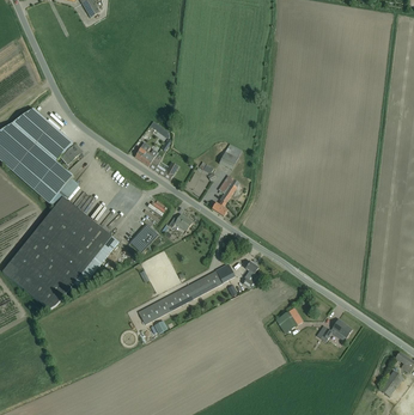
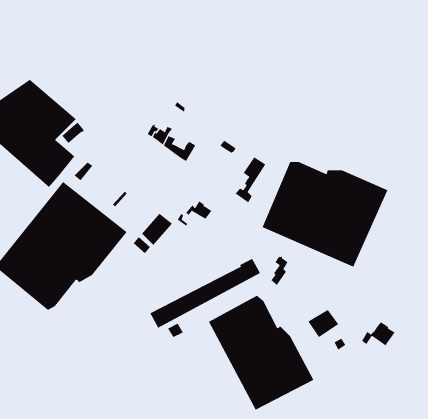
building: none -> [262,161,388,268]
building: none -> [208,295,314,410]

